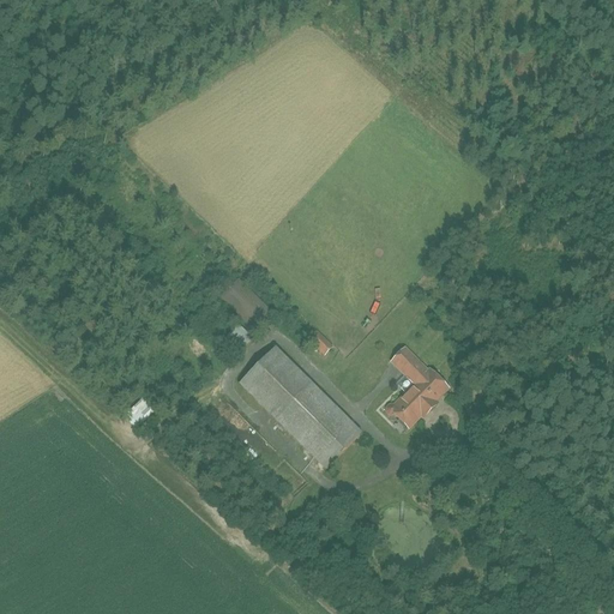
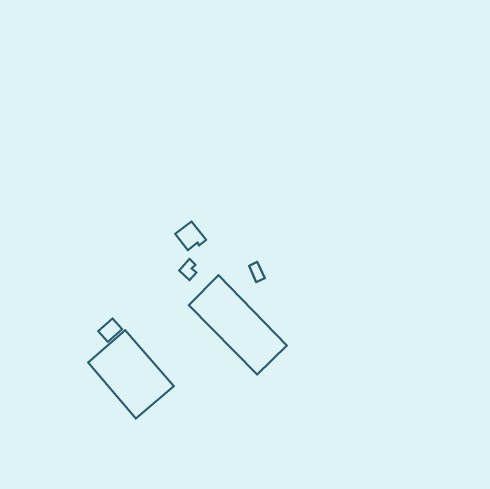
building: [385,342,450,428] -> none
building: none -> [88,330,174,419]

